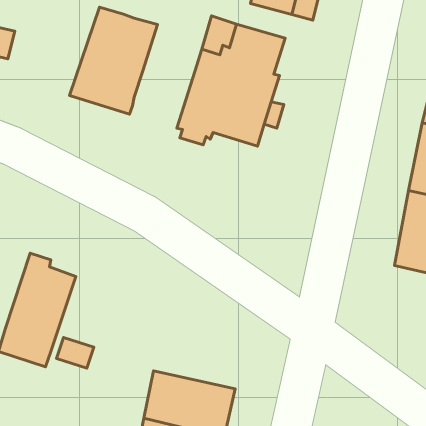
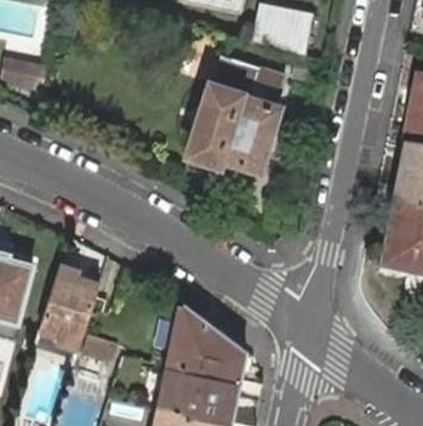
building: [70,7,157,114] -> none
building: none -> [168,301,246,380]

